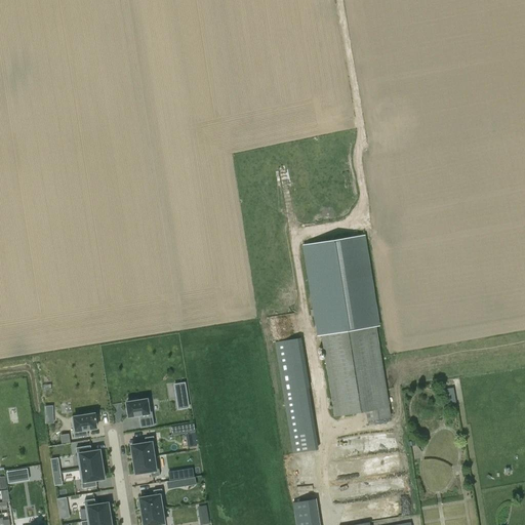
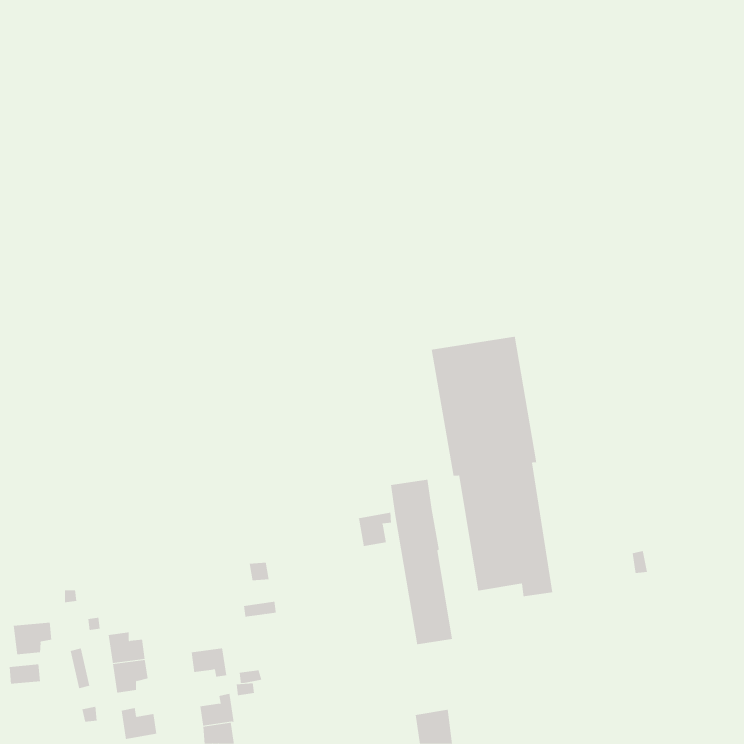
building: none -> [358,512,392,547]
building: [127,399,154,427] -> none
building: [72,411,97,437] -> none
building: [131,436,157,459] -> none
building: none -> [13,622,52,655]

